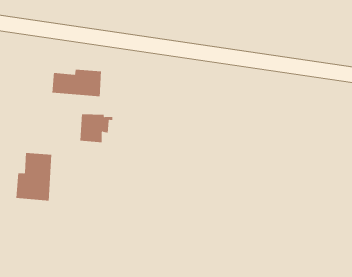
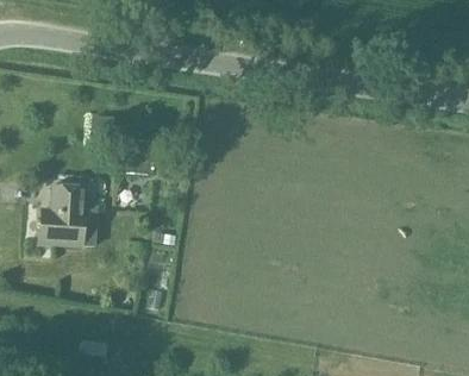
building: [52,69,102,97] -> none

